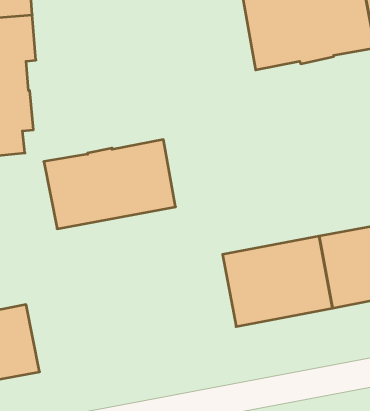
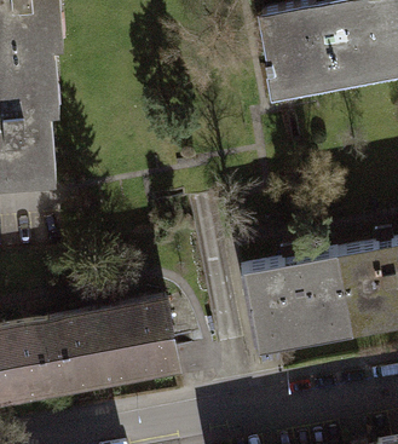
building: [44,140,176,229] -> [48,299,179,387]

